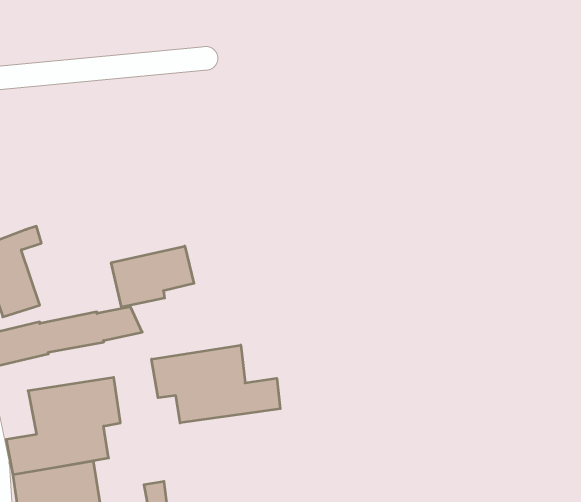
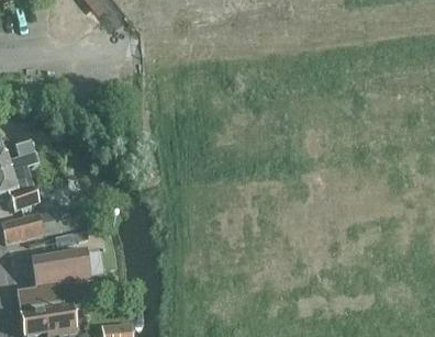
building: [111,246,194,307] -> none
building: [152,345,280,423] -> none

